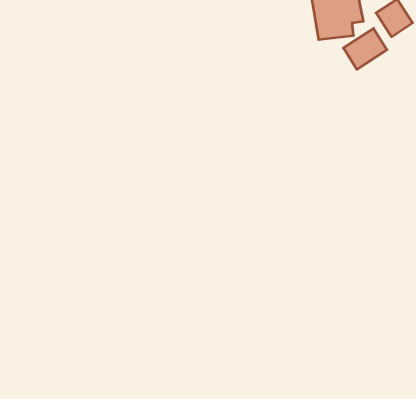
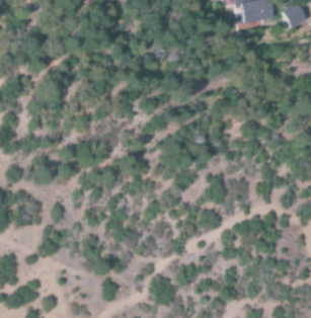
building: [343,28,387,69] -> none

